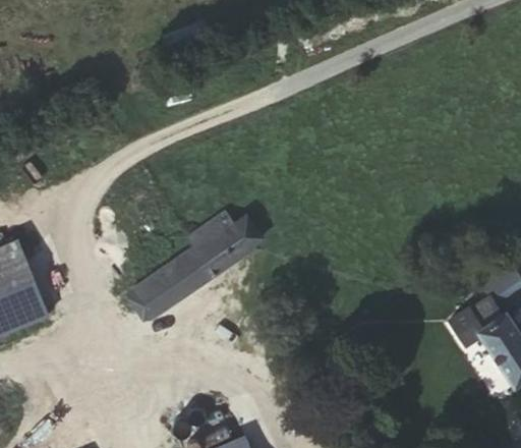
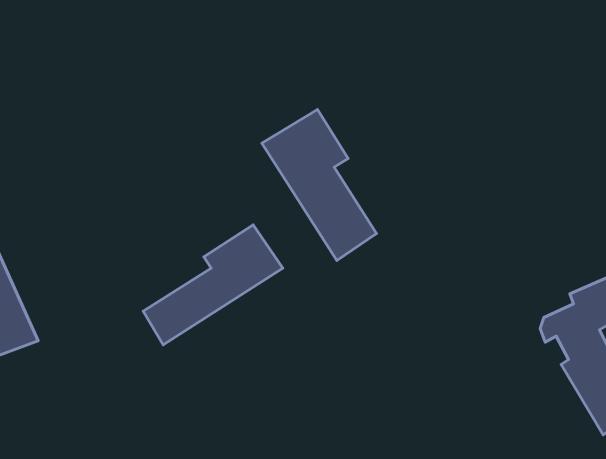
building: none -> [262,109,377,261]

